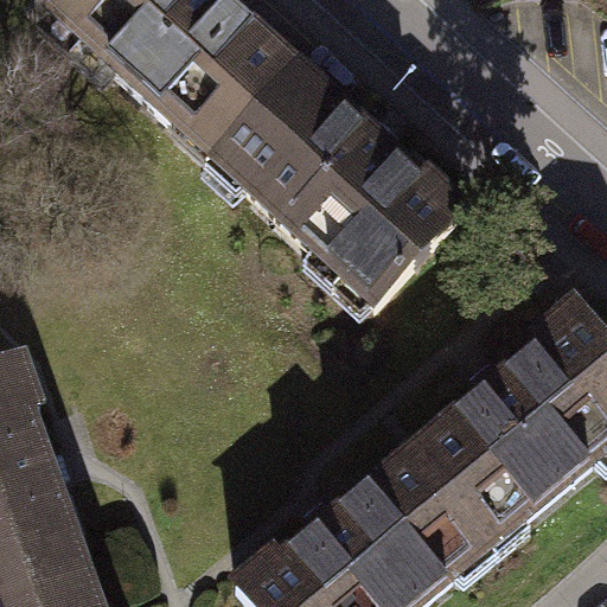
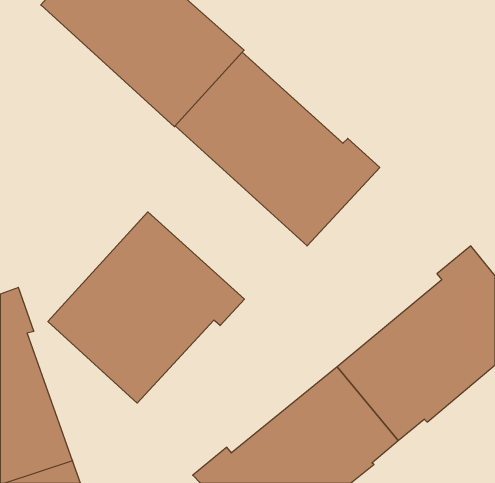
building: none -> [48,212,244,403]

